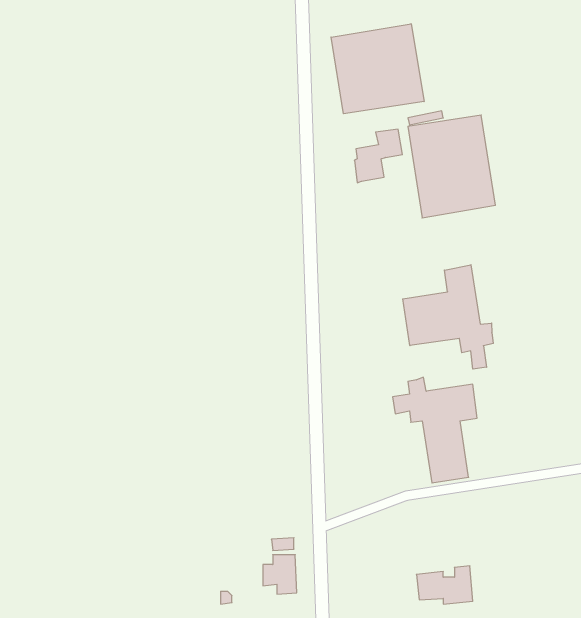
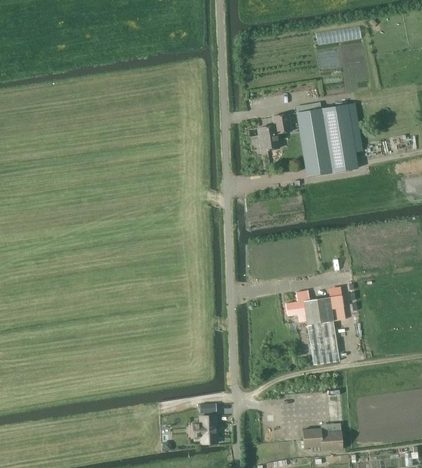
building: [331,24,424,114] -> none
building: [403,265,493,369] -> none

